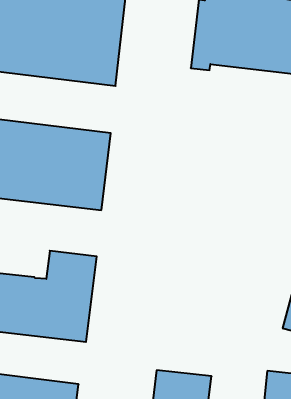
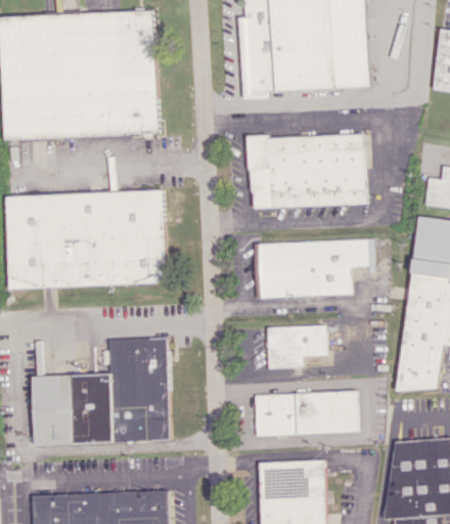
building: none -> [248,134,365,208]
building: none -> [252,239,372,298]
building: none -> [266,325,324,368]
building: none -> [255,391,357,436]

